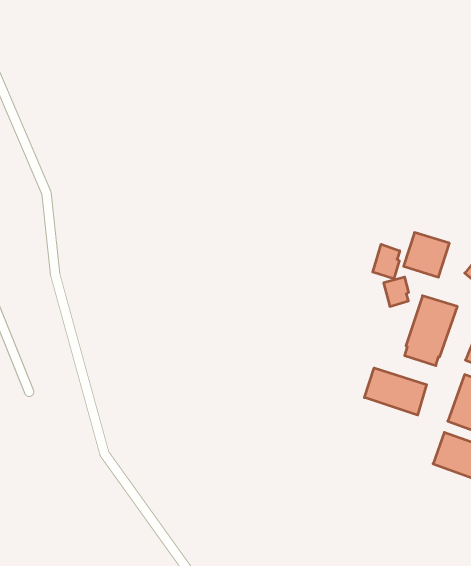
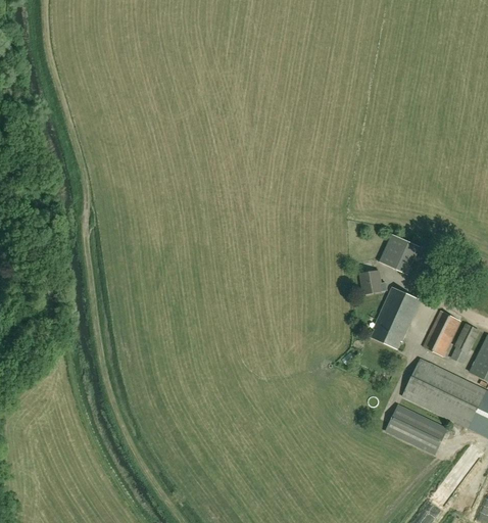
building: [373,244,400,279] -> none
building: [364,368,427,415] -> none

